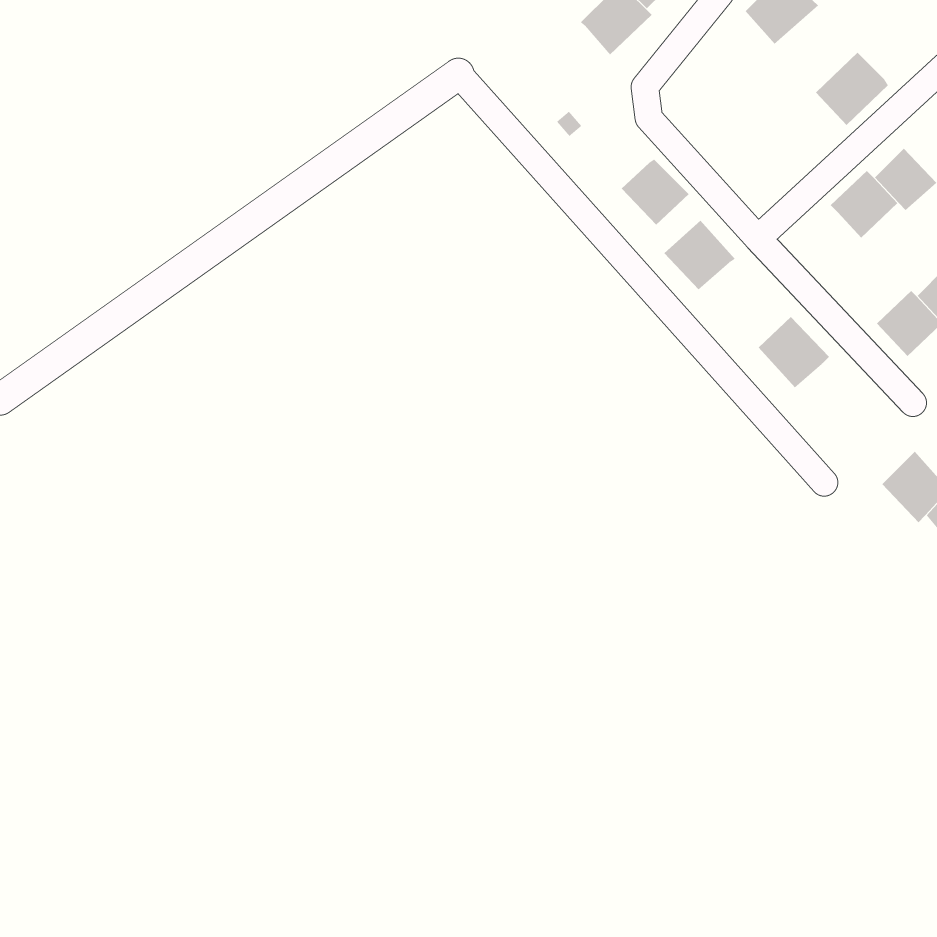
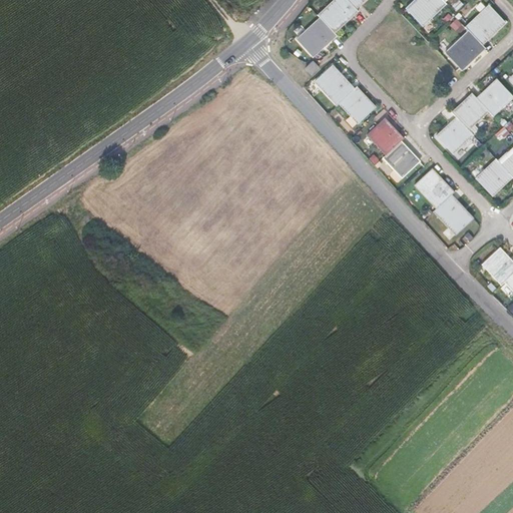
building: none -> [467,4,505,43]
building: none -> [297,14,337,54]
building: none -> [317,65,356,105]
building: none -> [438,115,475,152]
building: none -> [381,142,419,179]
building: none -> [432,197,471,237]

